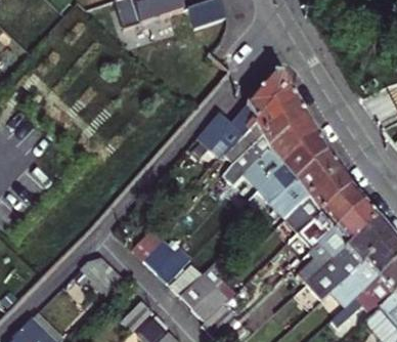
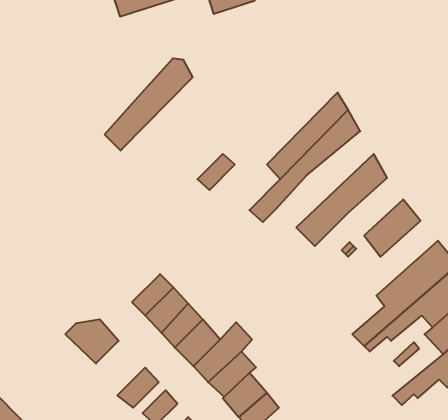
building: [223,73,291,143] -> [105,58,193,151]
building: [244,117,318,190] -> none
building: [299,153,341,197] -> none
building: [300,185,367,249] -> none

